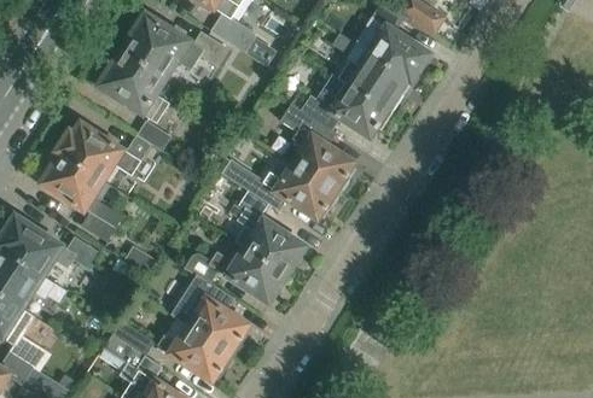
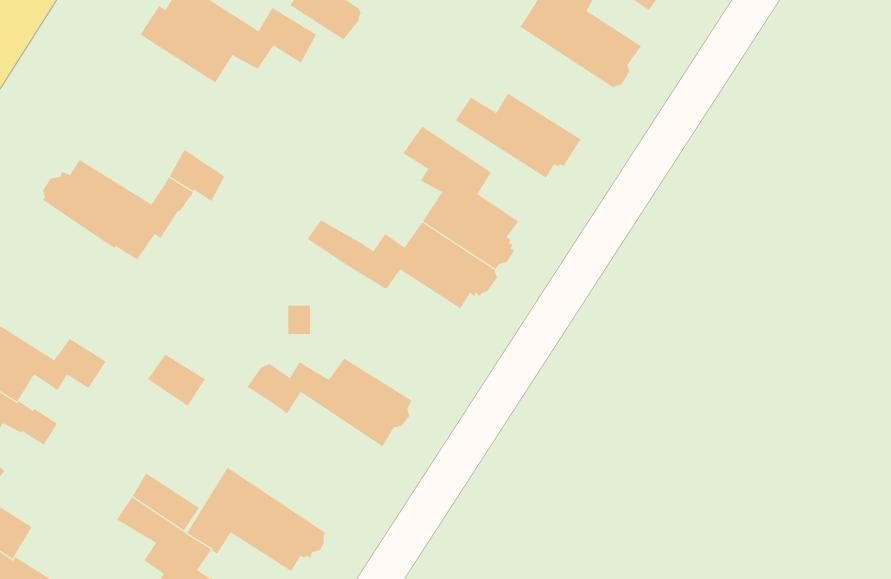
building: [332,31,413,112] -> none
building: [100,47,170,121] -> none
building: [37,150,122,240] -> none
building: [236,191,306,274] -> none
building: [173,274,248,356] -> none

